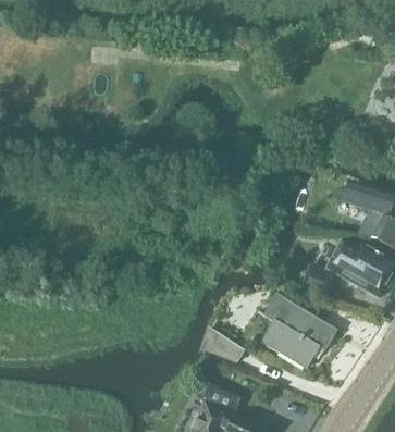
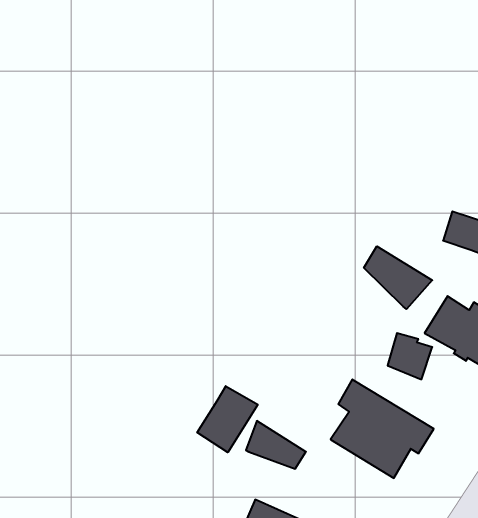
building: none -> [364,246,432,309]
building: none -> [197,386,258,452]

